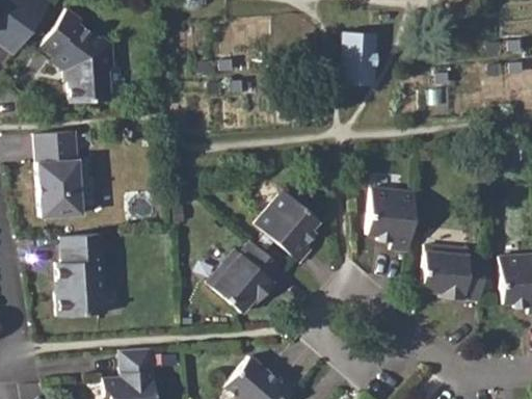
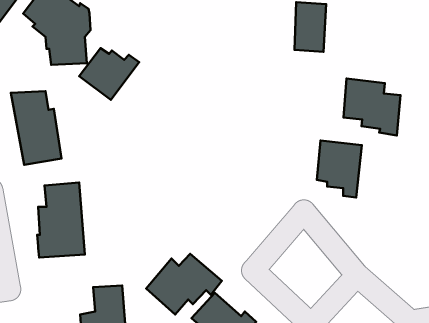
building: none -> [79,48,139,100]
building: [257,189,320,263] -> none
building: [421,238,484,301] -> [344,78,401,135]
building: [206,244,290,312] -> [146,254,222,315]

